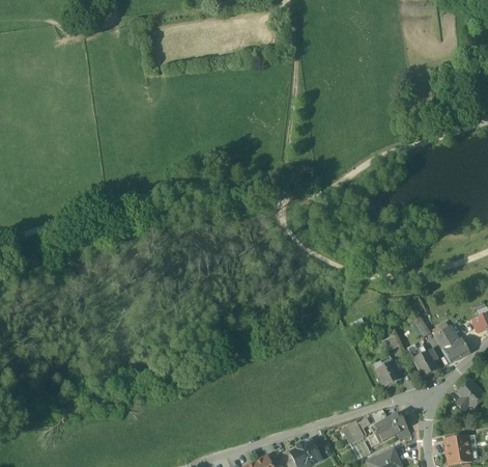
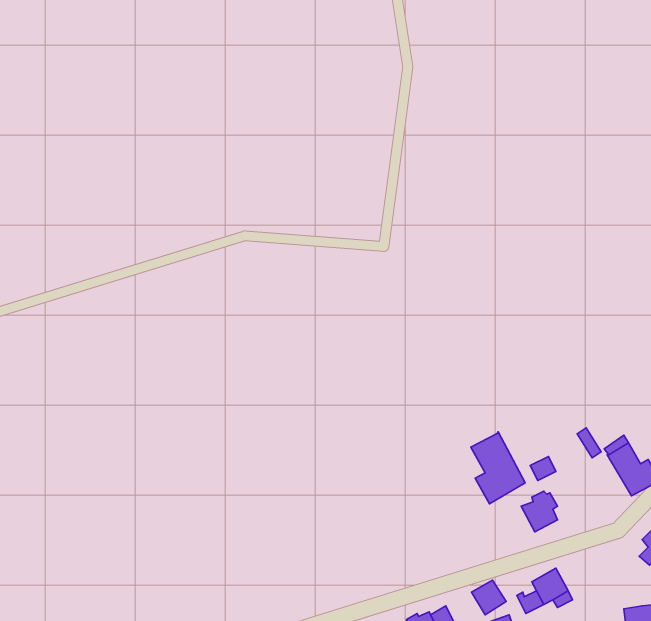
building: none -> [471,432,525,504]
building: [409,345,438,377] -> none

